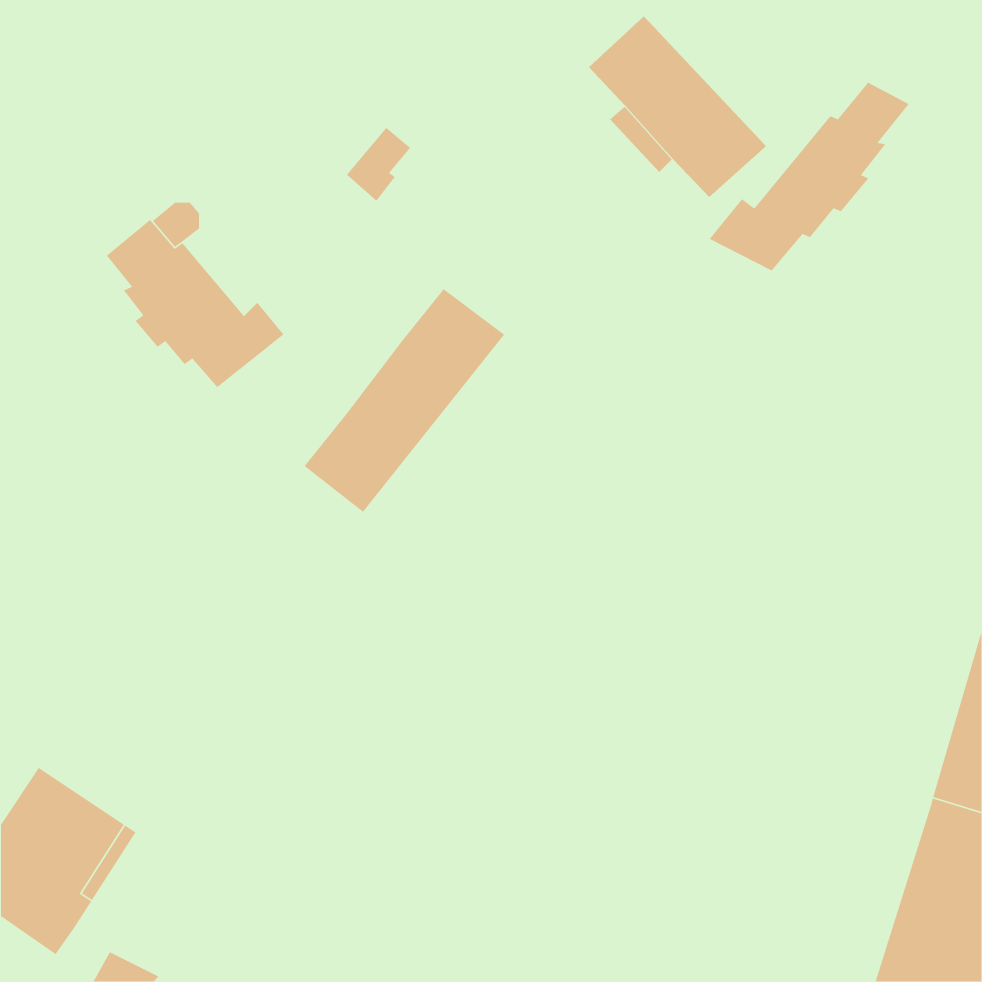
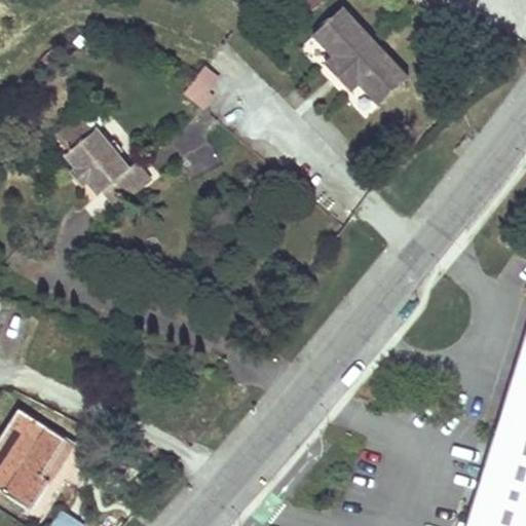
building: [708,82,910,271] -> none
building: [304,288,505,513] -> none

